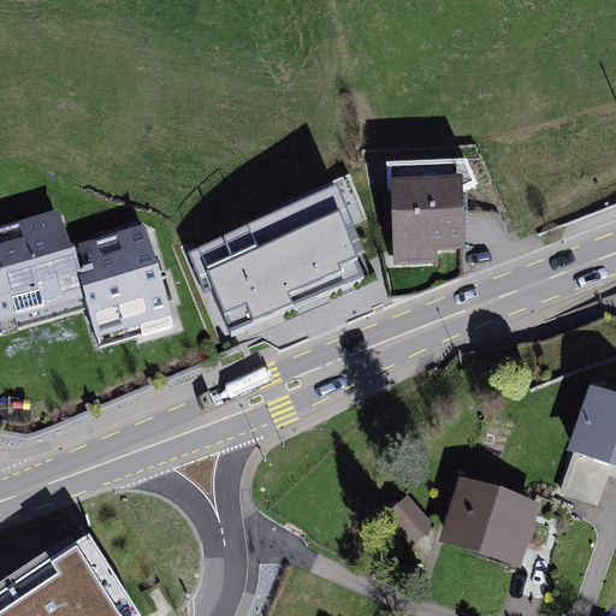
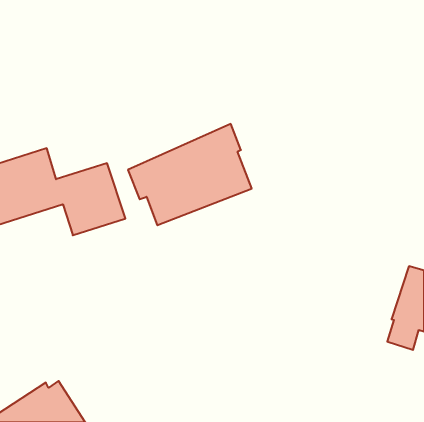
building: [395,167,481,265] -> none
building: [436,467,537,571] -> none
building: [383,494,431,544] -> none

